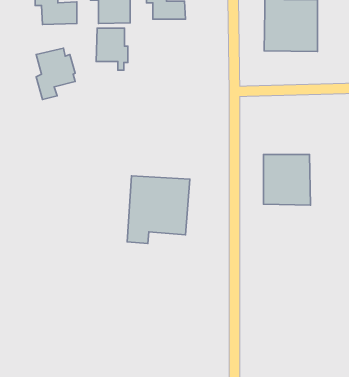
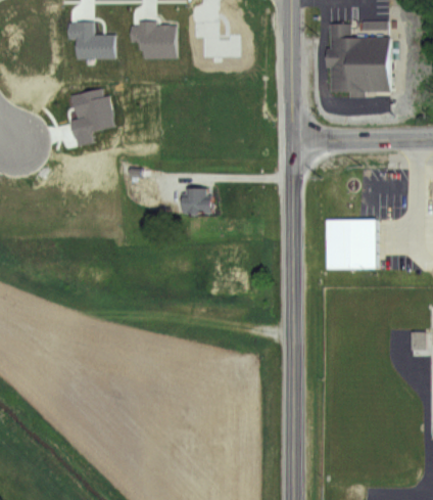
building: [96,28,128,70] -> none
building: none -> [183,184,215,211]
building: [127,176,190,243] -> none

